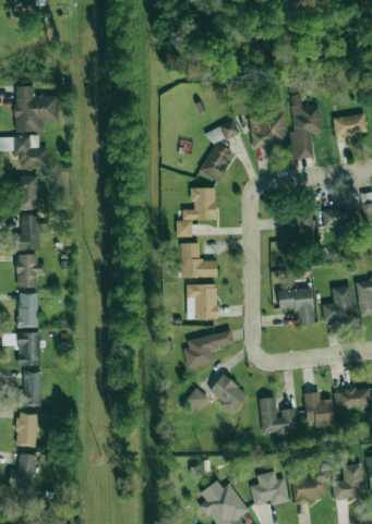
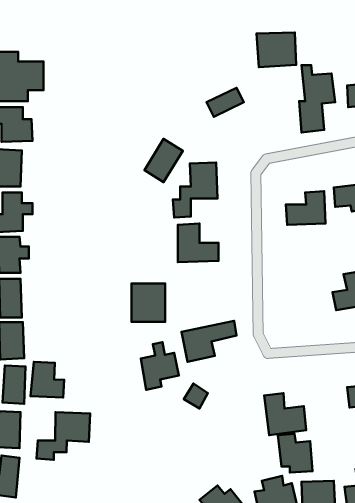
building: [250,117,286,148] -> [257,32,296,67]
building: [200,143,235,182] -> [144,139,183,182]
building: [187,284,217,319] -> [131,283,165,322]
building: [278,289,314,325] -> none
building: none -> [141,342,179,390]
building: none -> [31,362,64,398]
building: [208,375,247,412] -> none
building: [303,392,335,427] -> [278,434,313,472]
building: none -> [36,412,90,460]

